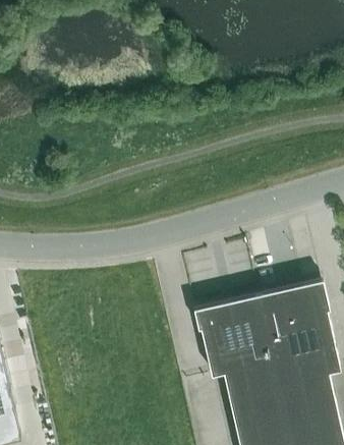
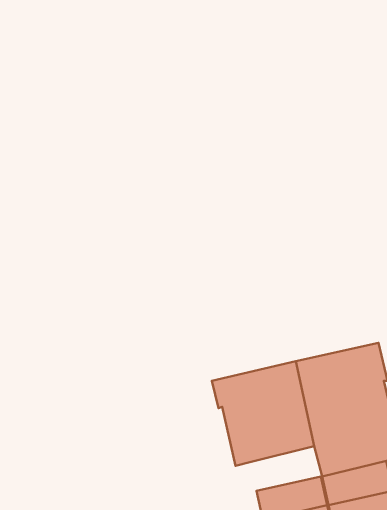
building: [223,364,279,398] -> none

